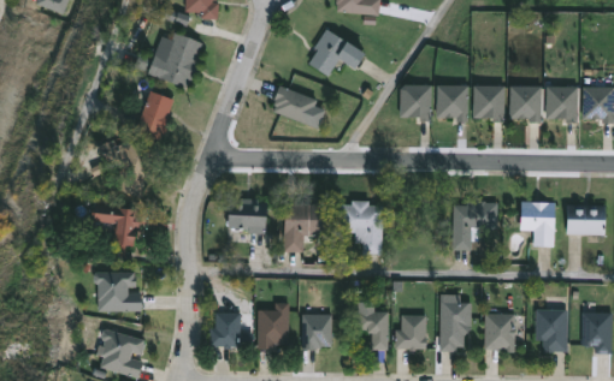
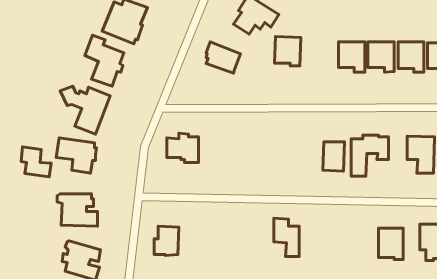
building: [401,84,433,120] -> [274,37,301,66]
building: [340,200,383,255] -> none
building: [284,203,327,252] -> none
building: none -> [21,147,51,177]
building: [439,294,472,352] -> none
building: [258,303,289,349] -> none
building: [302,314,332,350] -> none
building: [396,315,426,351] -> none

